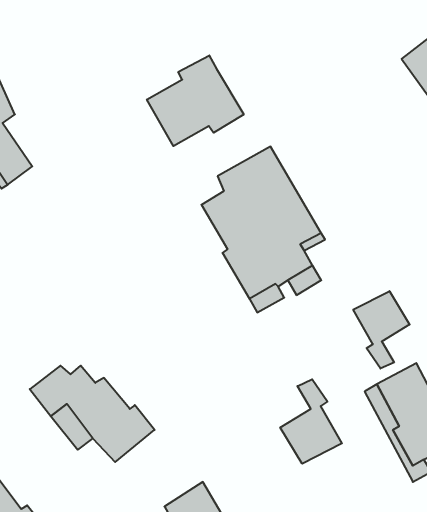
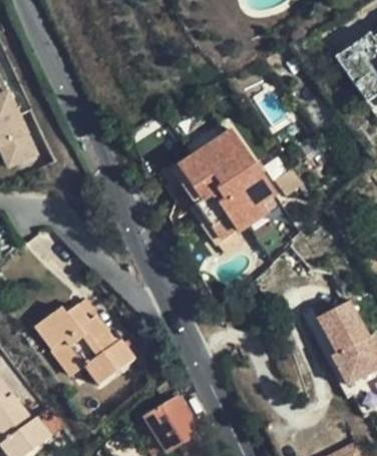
building: [147,55,244,146] -> none
building: [353,291,410,369] -> none
building: [280,379,342,464] -> none

